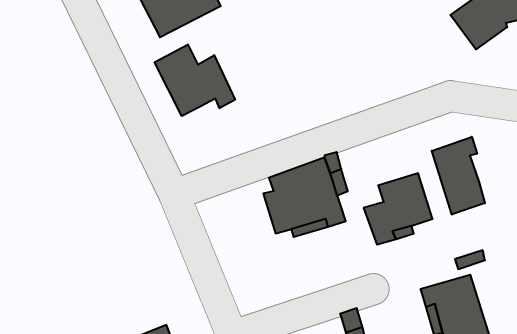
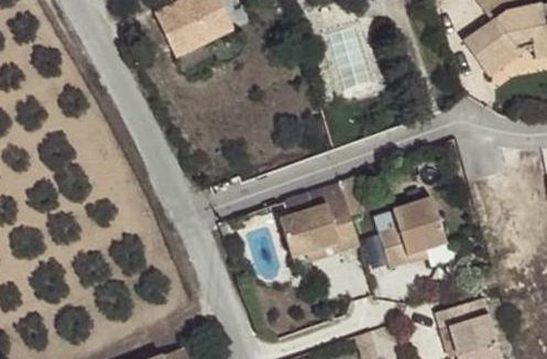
building: [155,44,235,116] -> none
building: [432,137,485,215] -> none

